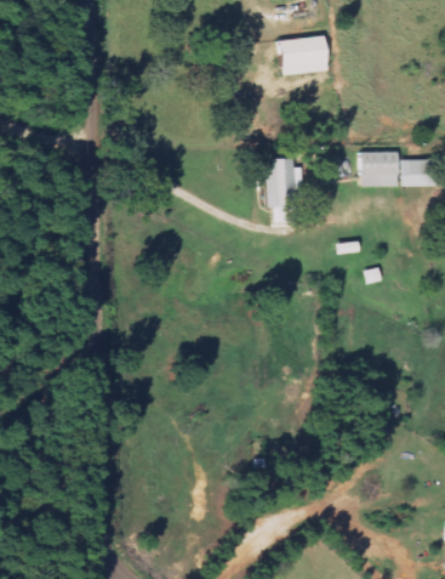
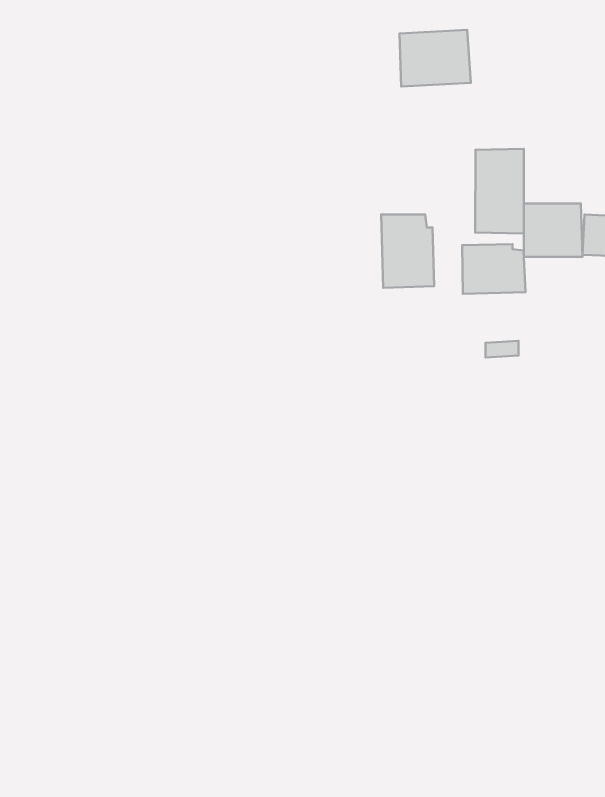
building: none -> [475,149,524,234]
building: none -> [462,244,526,294]

